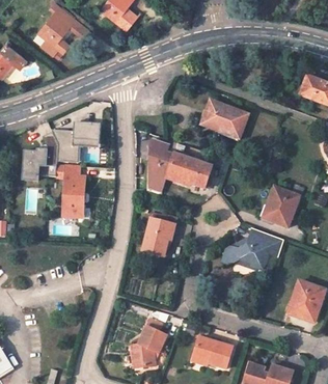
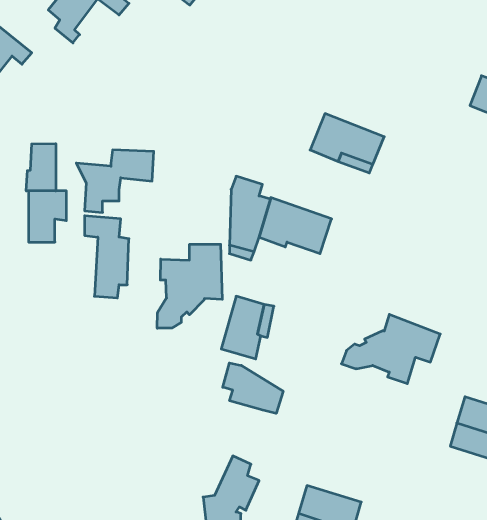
building: none -> [26,144,56,191]
building: [258,174,299,226] -> none
building: none -> [157,244,222,328]
building: none -> [223,363,283,413]

